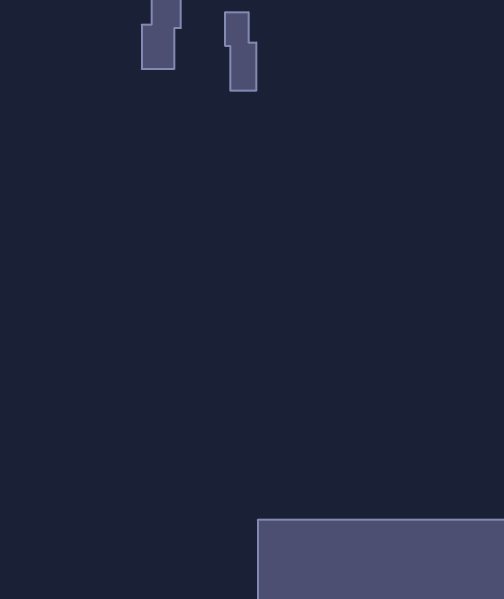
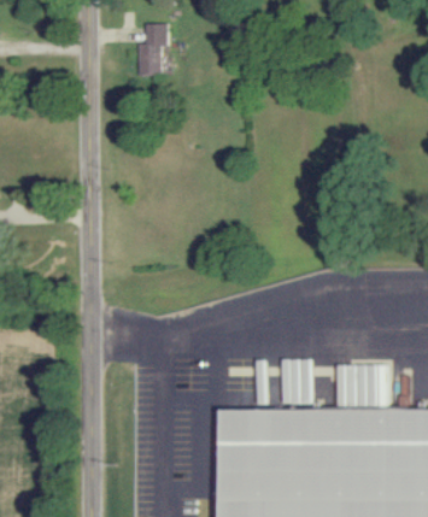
building: [225,12,256,91] -> none

